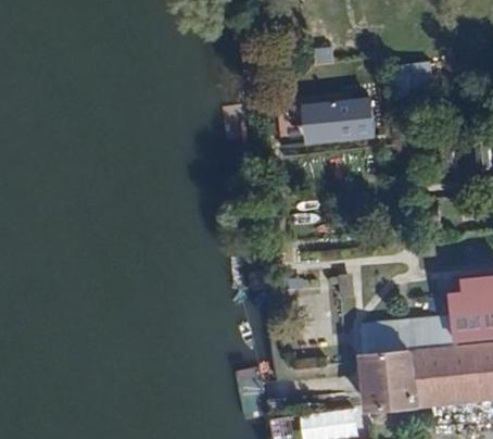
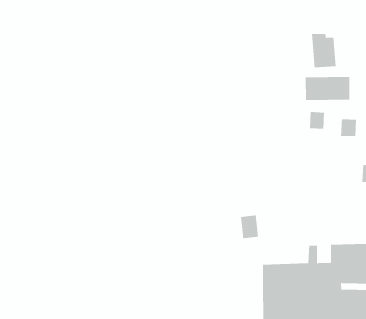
building: [316,104,371,138] -> [305,76,350,101]

